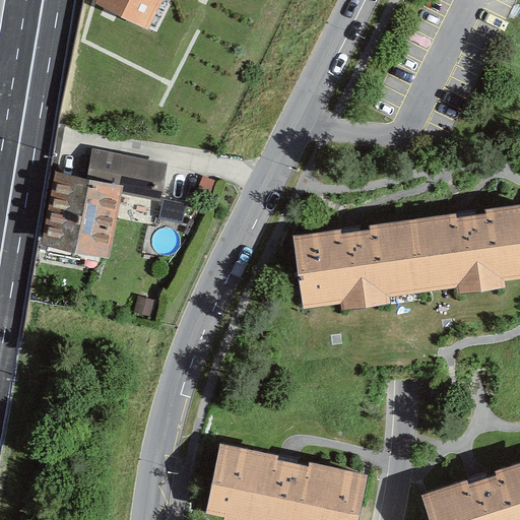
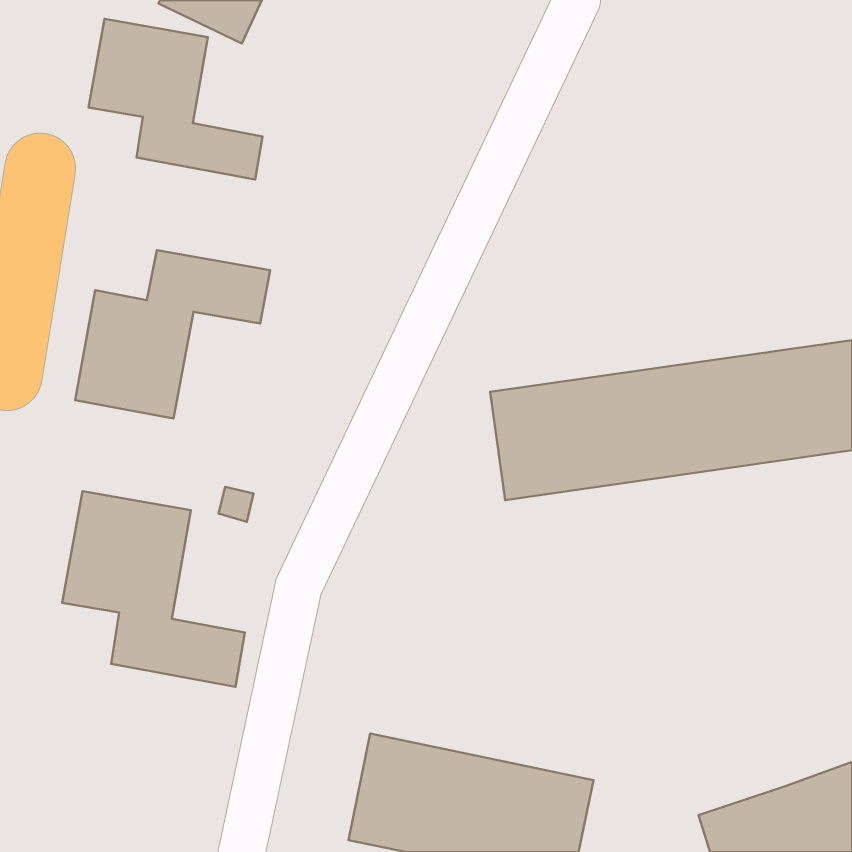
building: none -> [89,19,263,179]
building: none -> [62,491,245,687]

